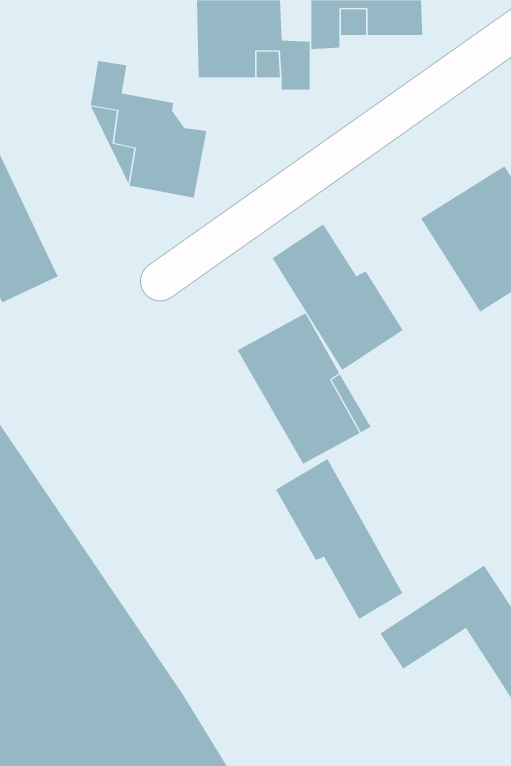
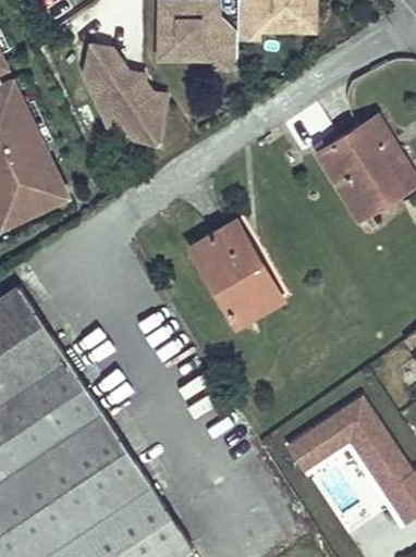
building: [272,224,404,371] -> none
building: [275,458,403,620] -> none

